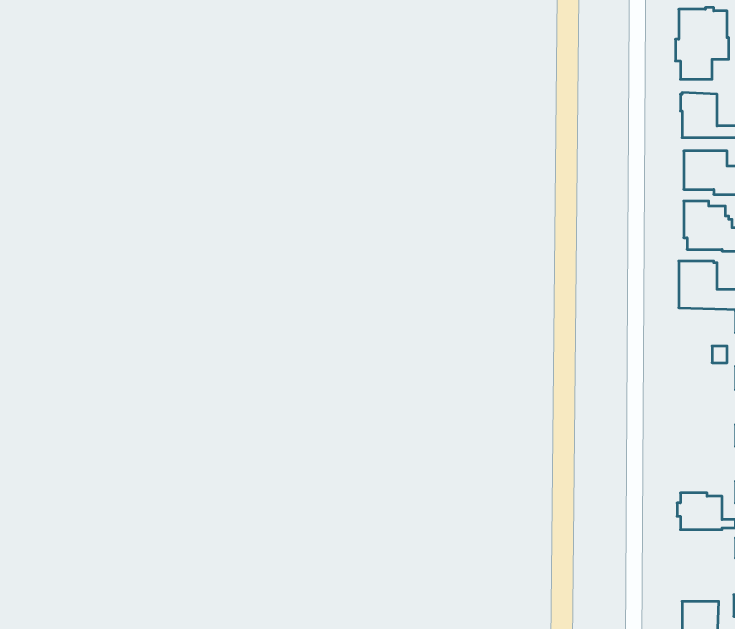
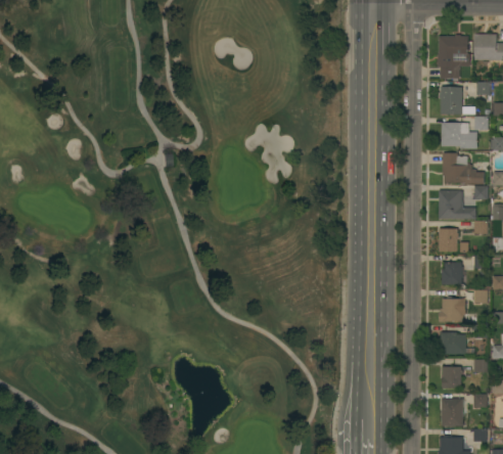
building: none -> [439,229,459,252]
building: none -> [442,263,463,284]
building: none -> [440,297,464,322]
building: none -> [442,367,463,389]

